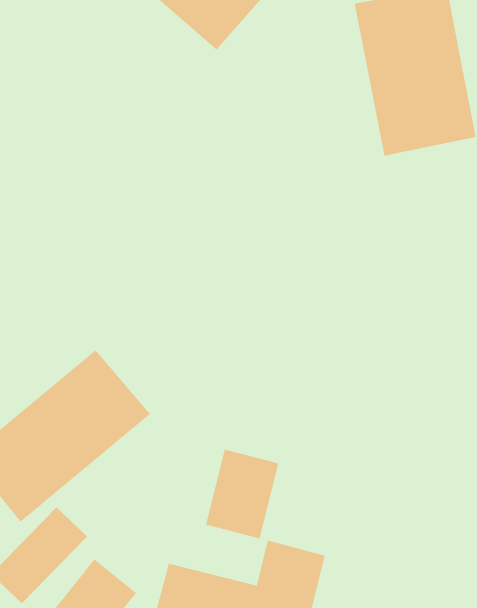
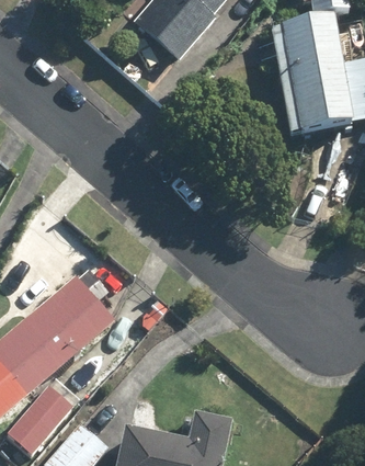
building: [206,449,279,539] -> none

